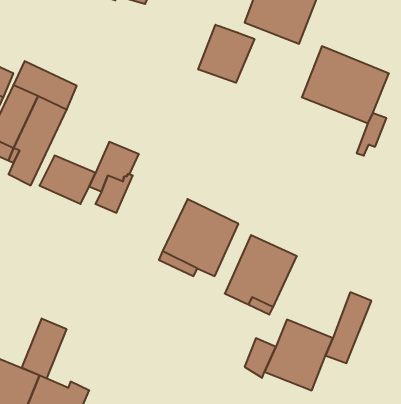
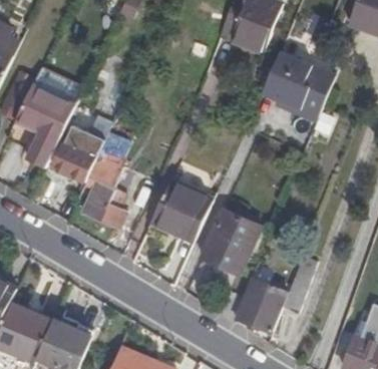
building: [198,25,254,83] -> none
building: none -> [64,114,112,156]
building: none -> [83,167,126,229]
building: [22,318,66,378] -> none

